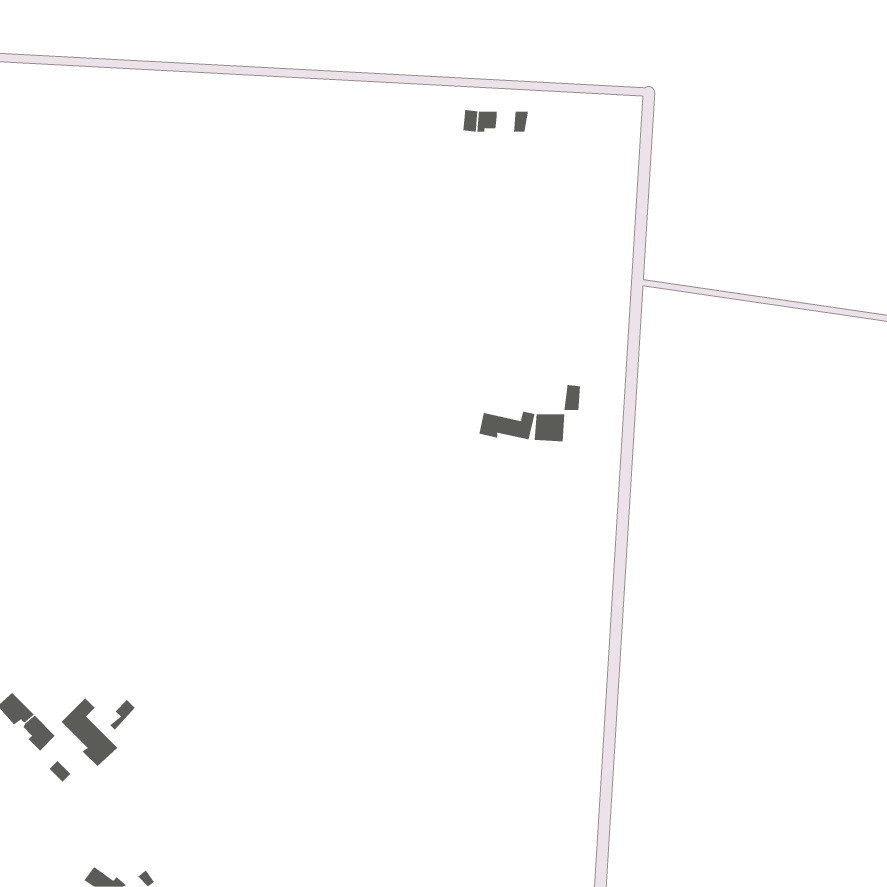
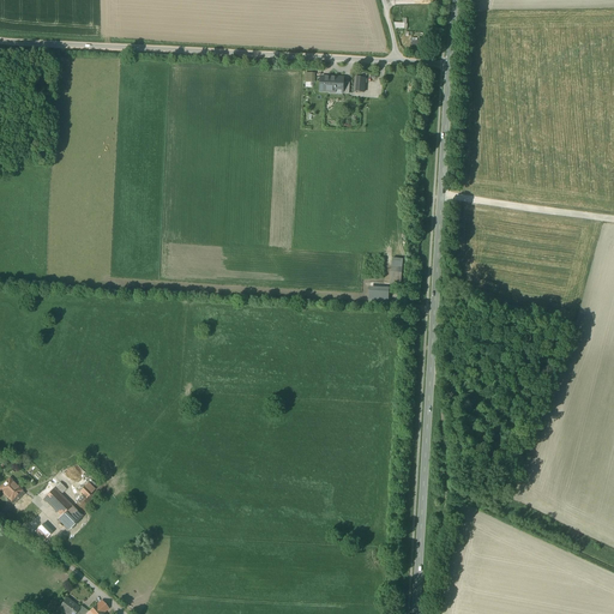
building: [479,411,535,440] -> none

